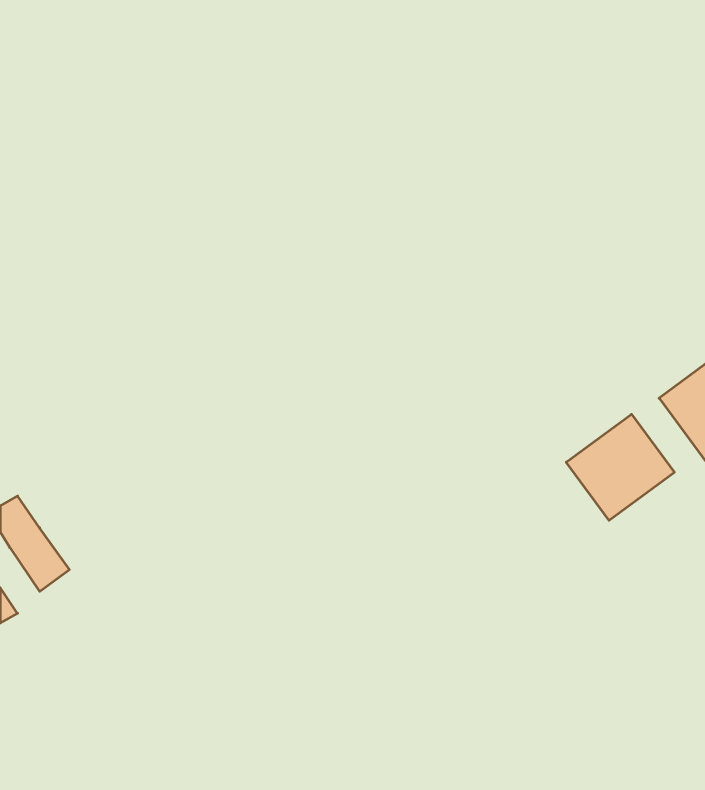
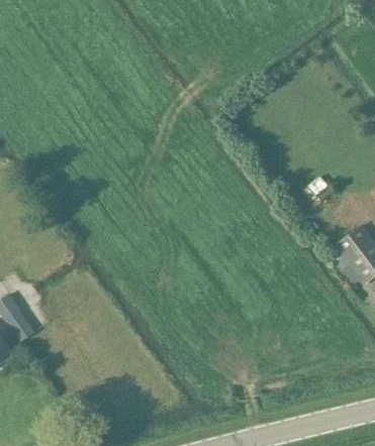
building: [566,414,674,520] -> none

